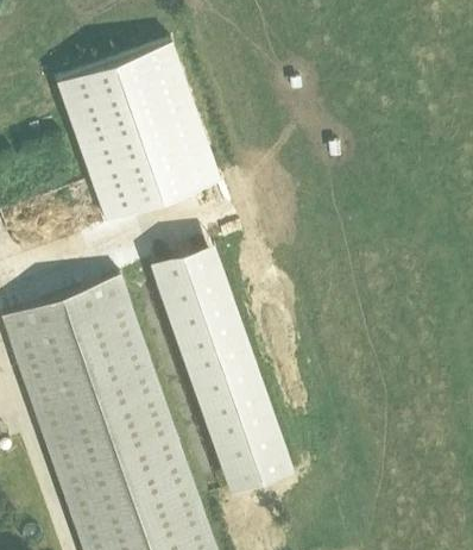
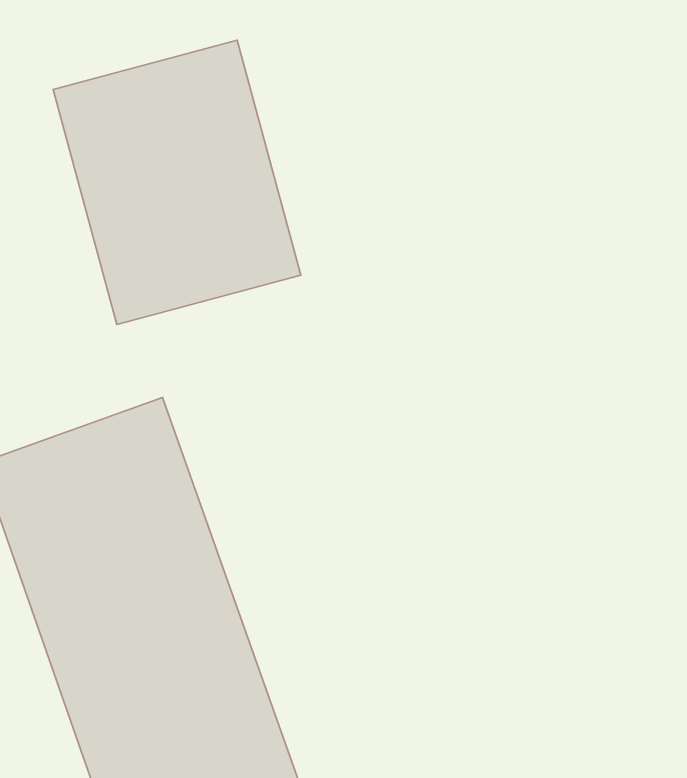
building: [152,248,280,496] -> none

